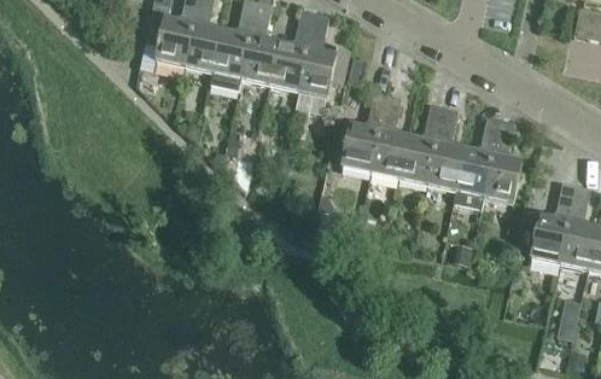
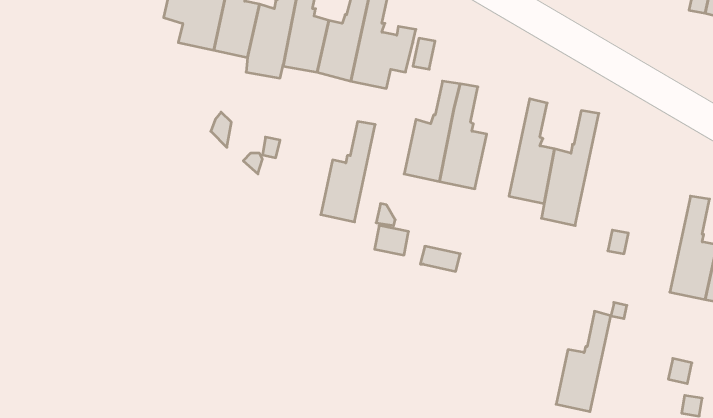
building: [399,103,444,185] -> [321,122,375,222]
building: [484,117,523,203] -> none
building: [531,181,576,263] -> [556,311,611,412]

